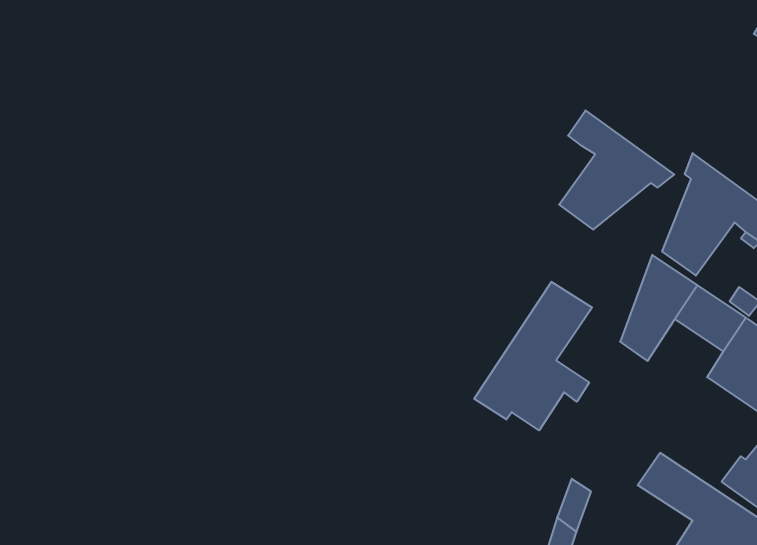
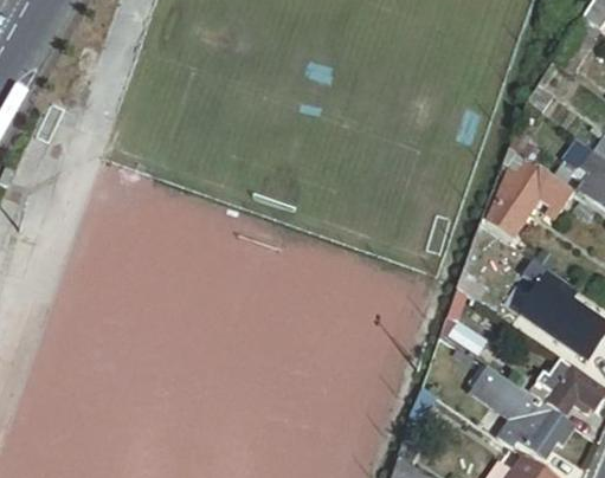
building: [559,110,674,230] -> none
building: [474,282,592,430] -> none

